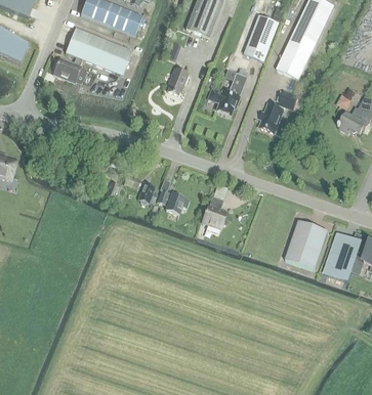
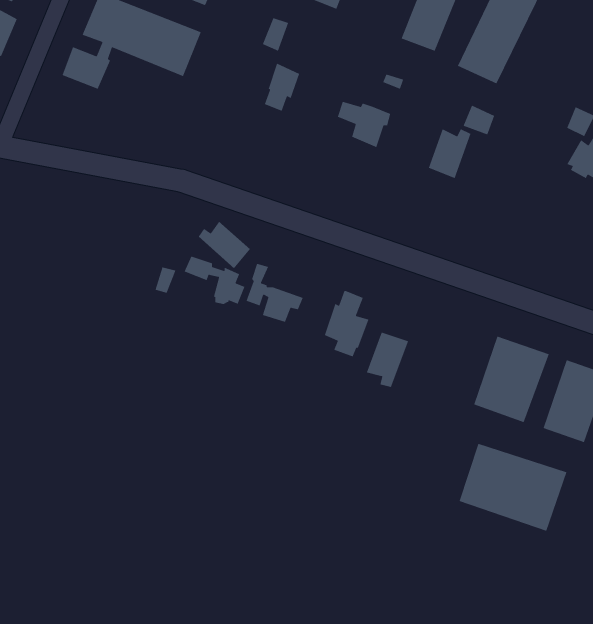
building: none -> [198,221,251,269]
building: none -> [366,332,409,388]
building: none -> [459,443,567,532]

